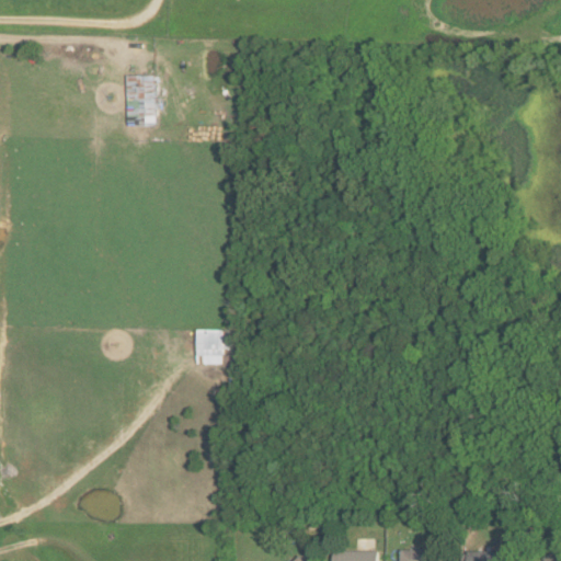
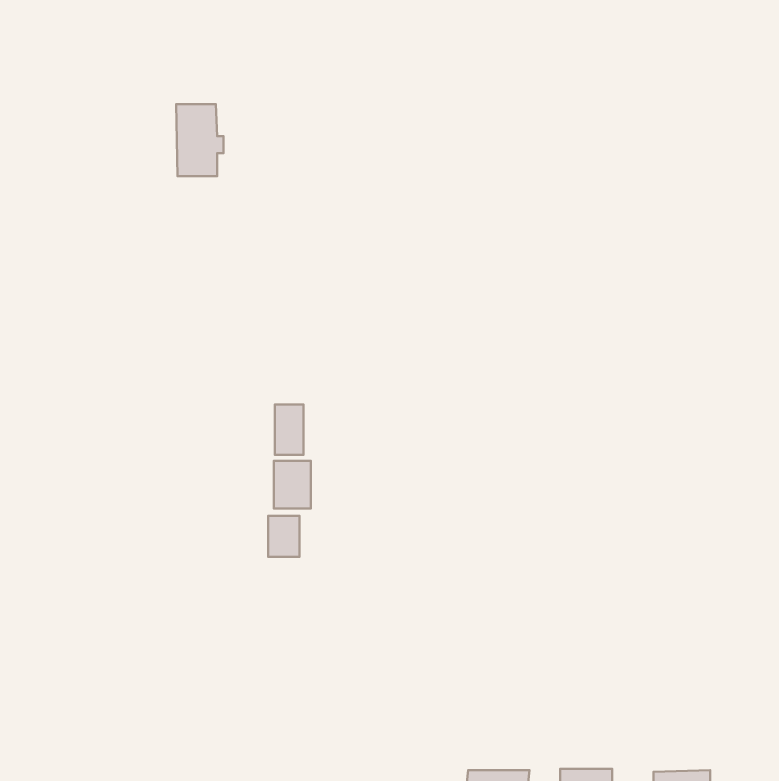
building: none -> [275,404,303,455]
building: none -> [268,516,299,557]

